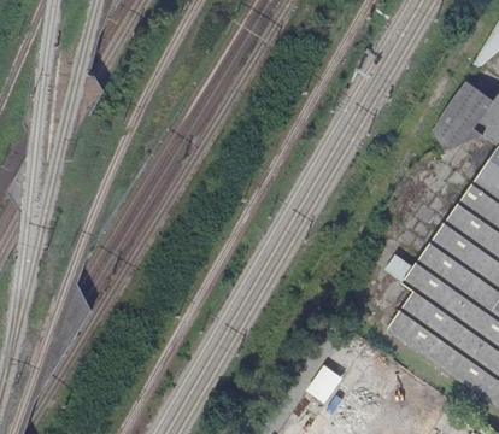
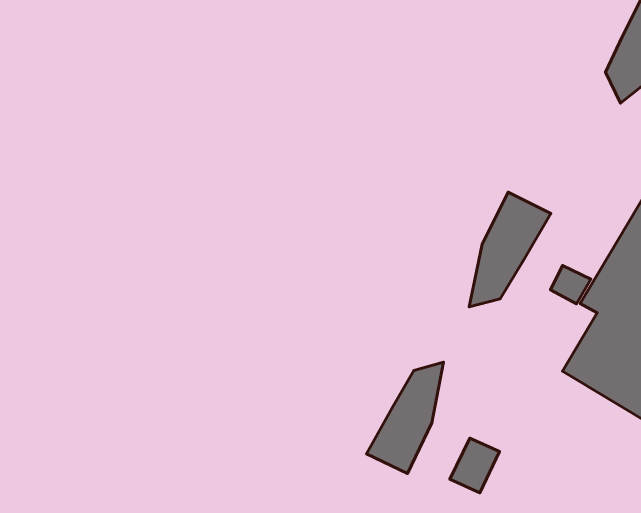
building: none -> [469,192,551,307]
building: none -> [367,362,443,474]

